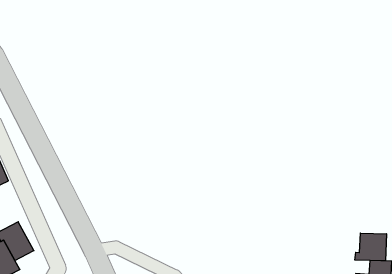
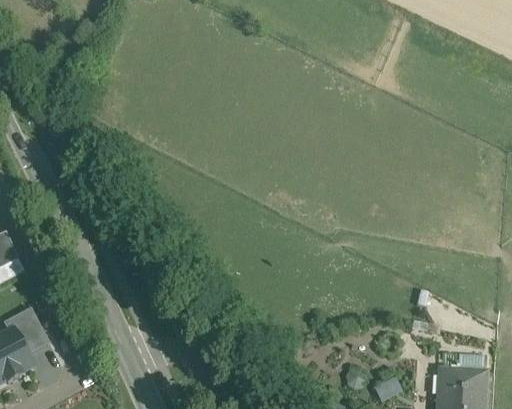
building: [355,233,386,261] -> none

